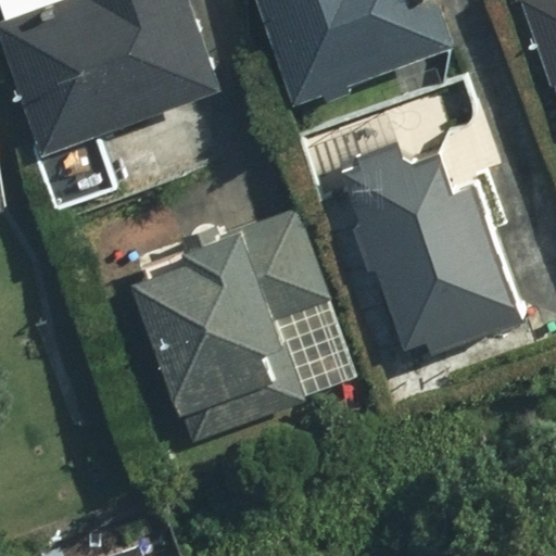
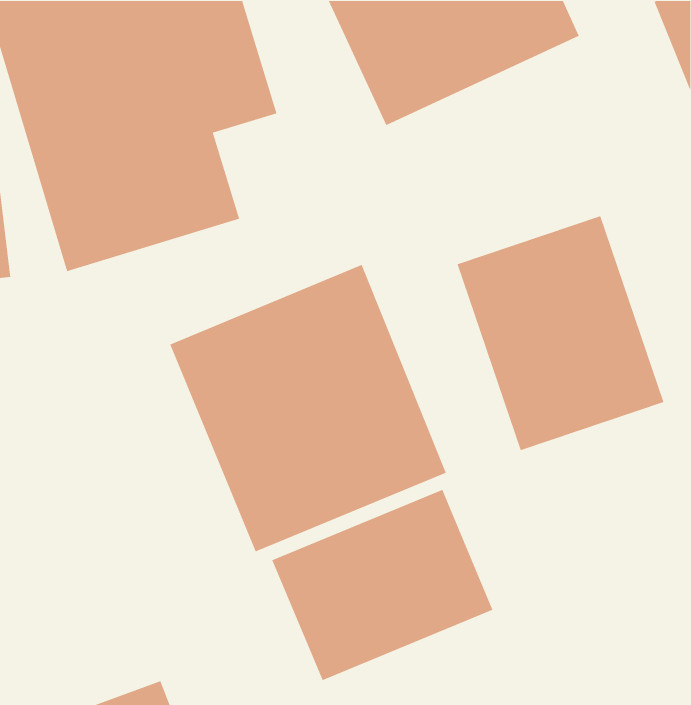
building: none -> [271,489,493,681]

